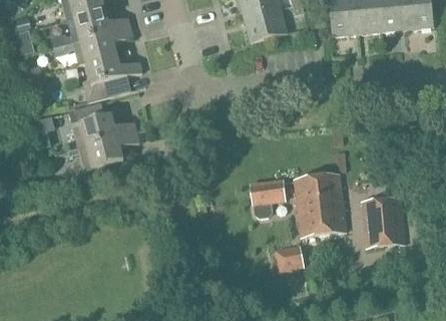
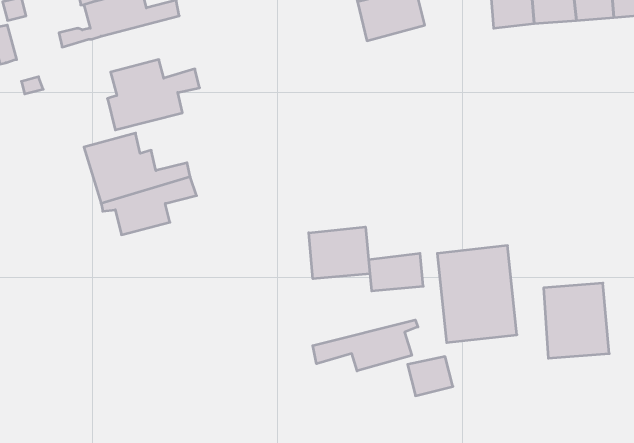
building: [54,26,132,63] -> none
building: none -> [309,227,370,279]
building: none -> [313,320,418,371]

